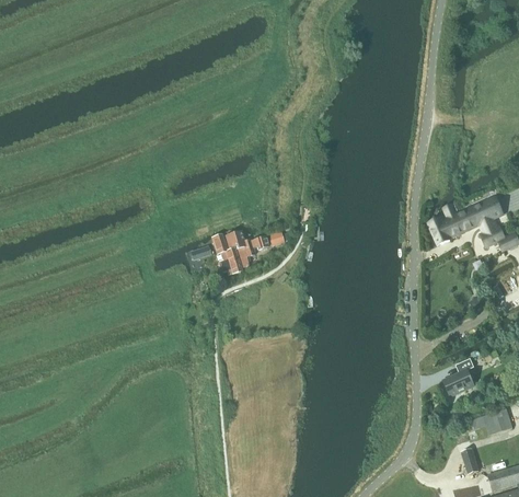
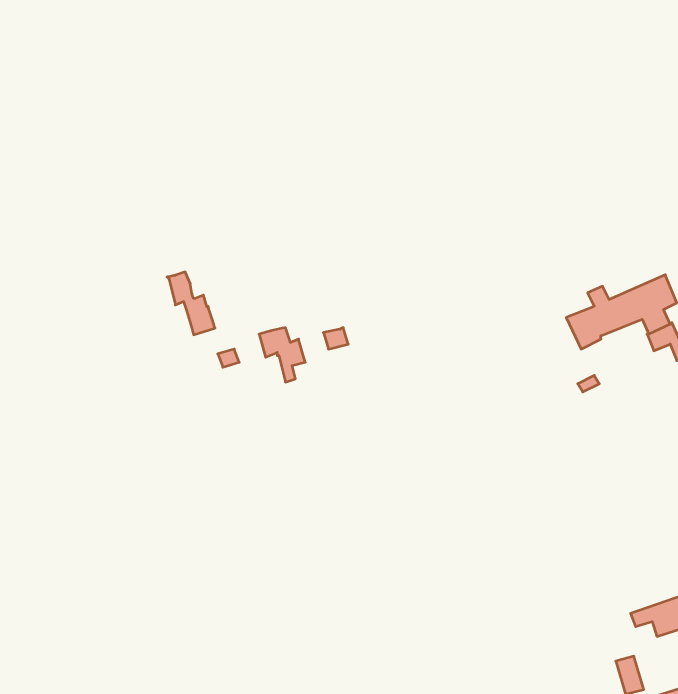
building: [210,232,242,274] -> [167,272,215,335]
building: [443,358,474,395] -> none

